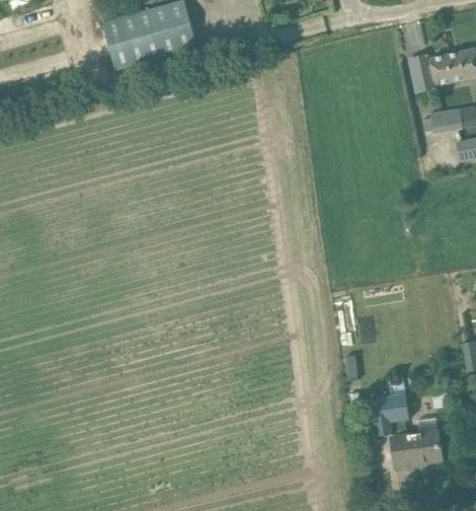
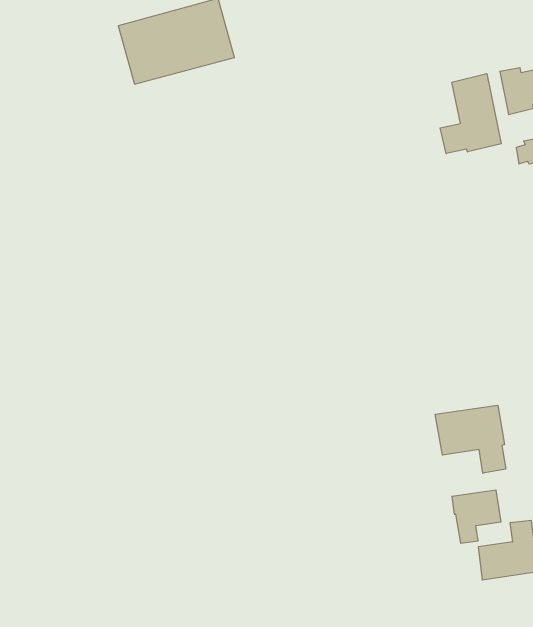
building: none -> [440,74,501,154]
building: none -> [435,405,506,473]

